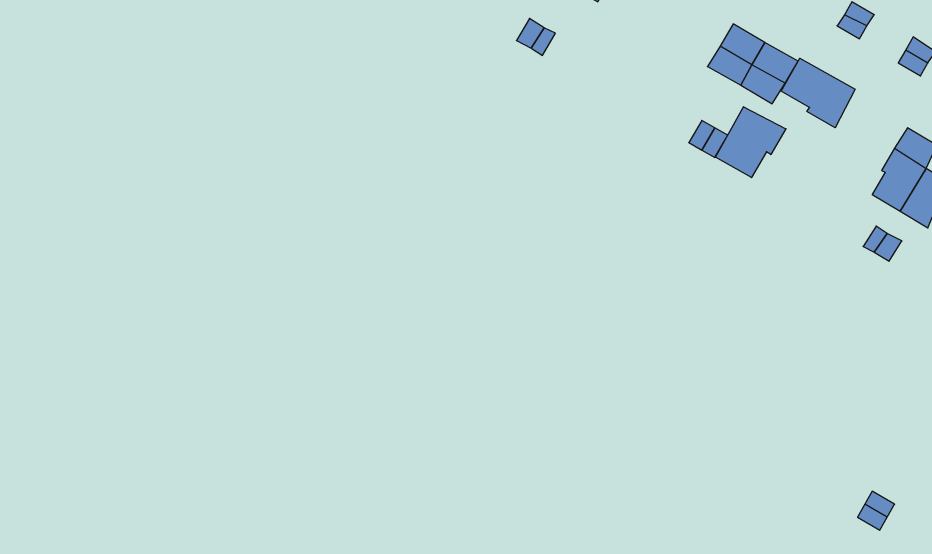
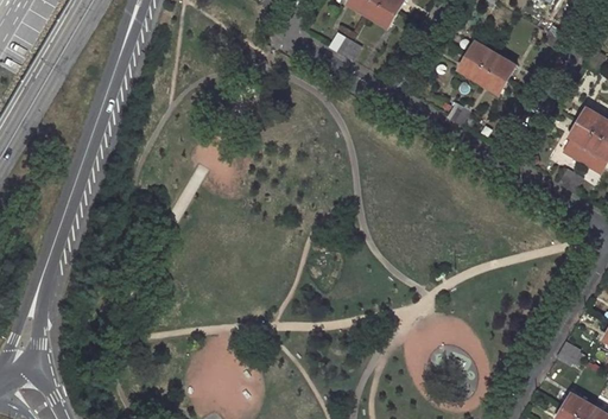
building: [781,58,855,128] -> none
building: [715,107,786,178] -> none

